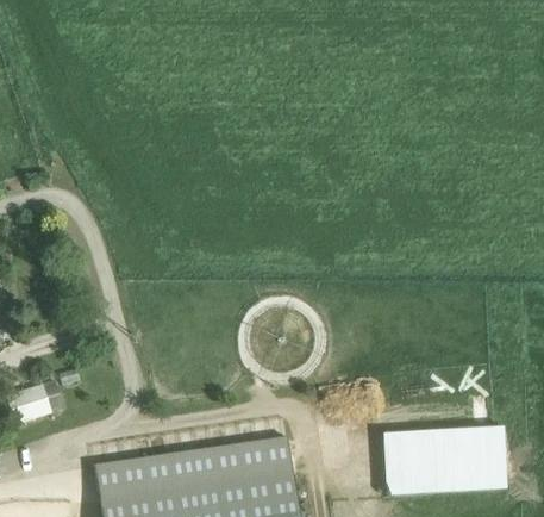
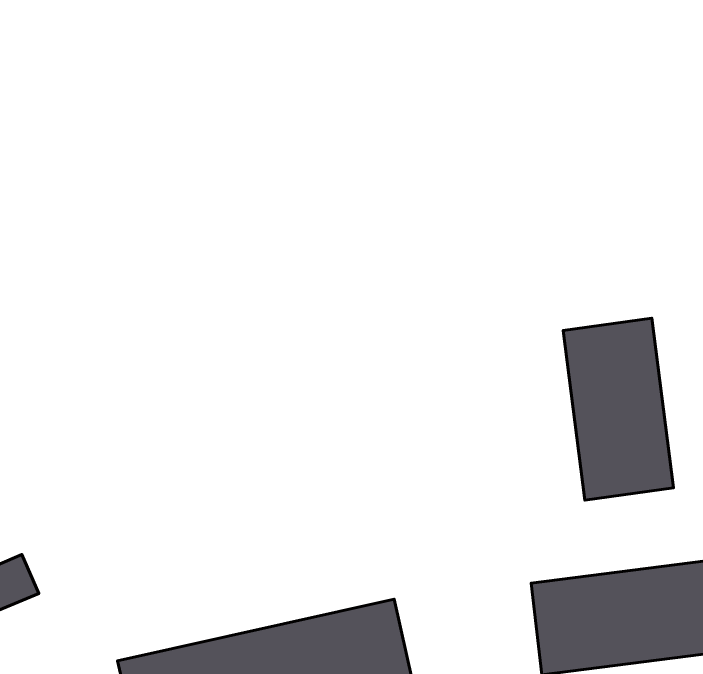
building: none -> [563,318,673,500]

